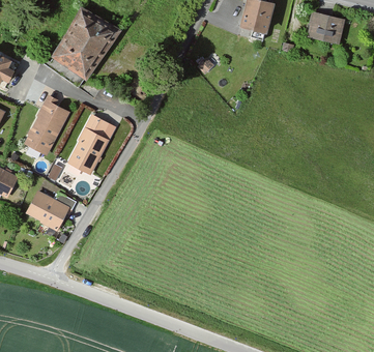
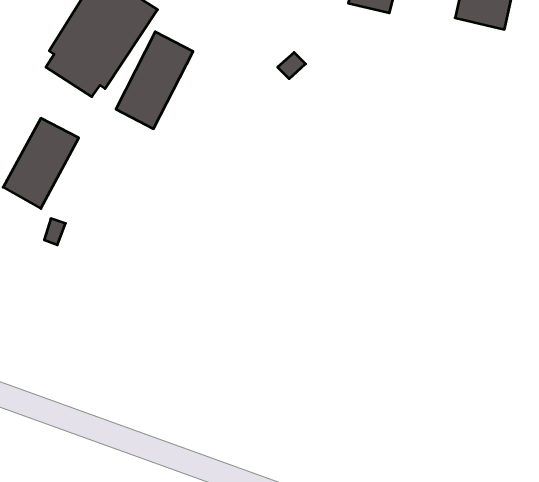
building: [66,114,115,175] -> [116,32,193,129]
building: [26,190,75,230] -> none

